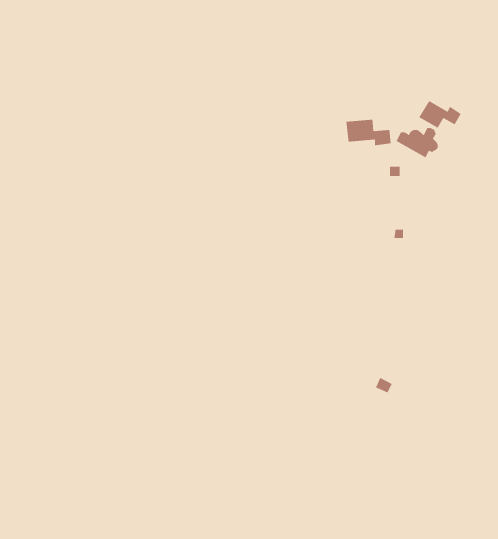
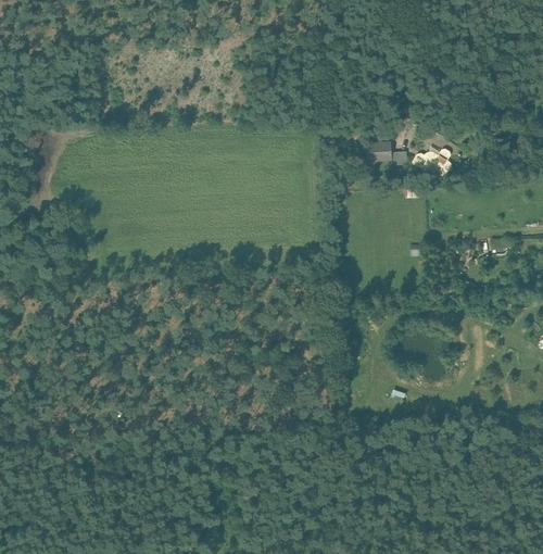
building: [419,100,461,128] -> none

